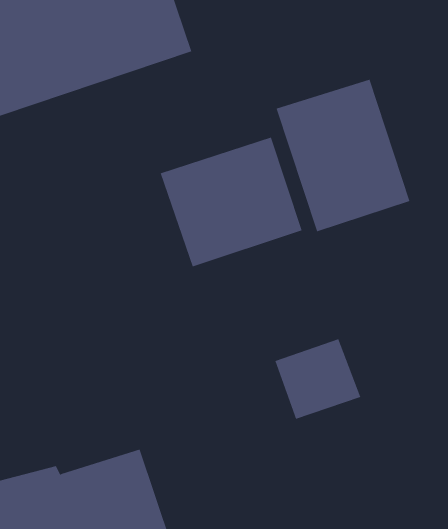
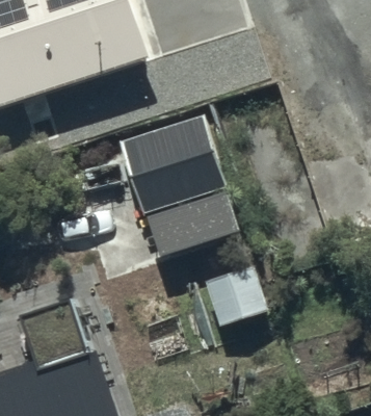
building: [276,79,410,232] -> none

